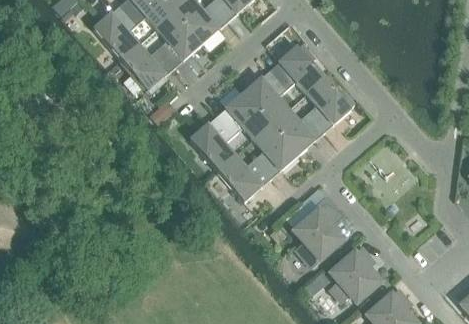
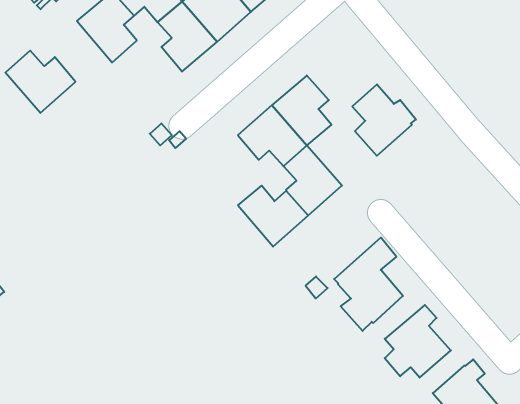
building: [120,43,174,91] -> [5,51,75,113]
building: [270,43,324,94] -> none
building: [270,108,324,155] -> none
building: [189,116,235,170] -> none

